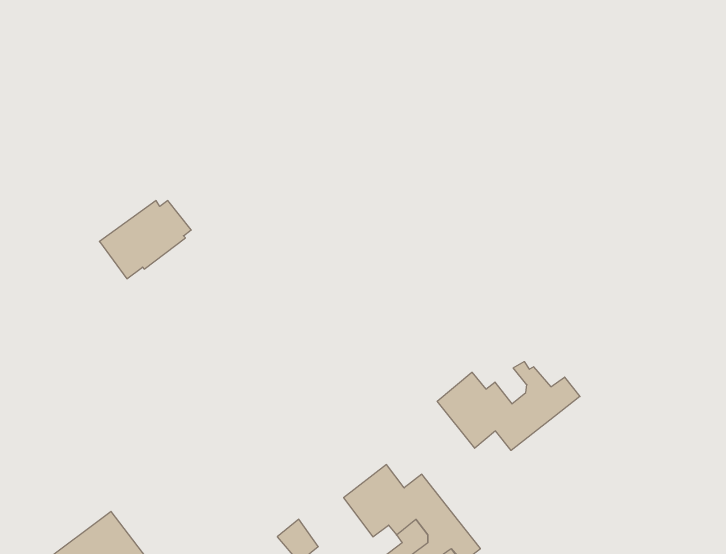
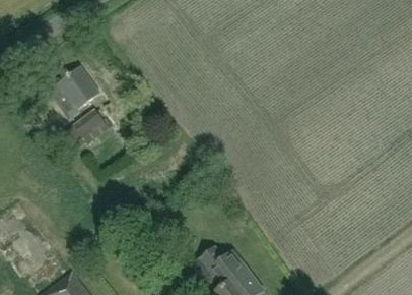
building: none -> [47,65,97,117]
building: [437,362,580,450] -> none

